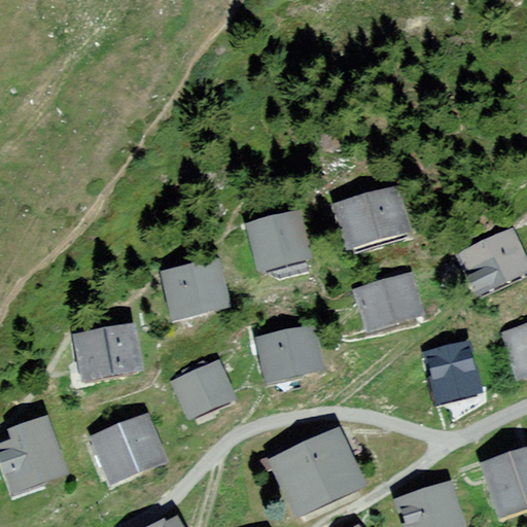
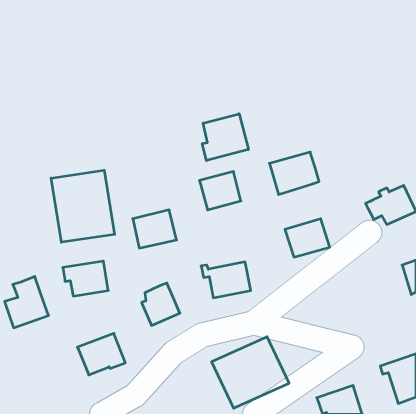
building: none -> [202,114,248,161]
building: none -> [51,170,115,242]
building: [430,346,477,397] -> none
building: [4,422,60,487] -> [5,276,49,328]

